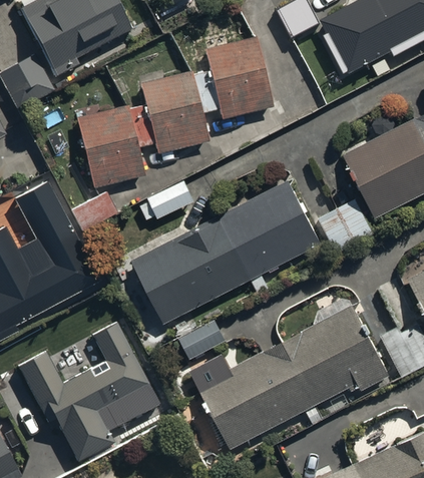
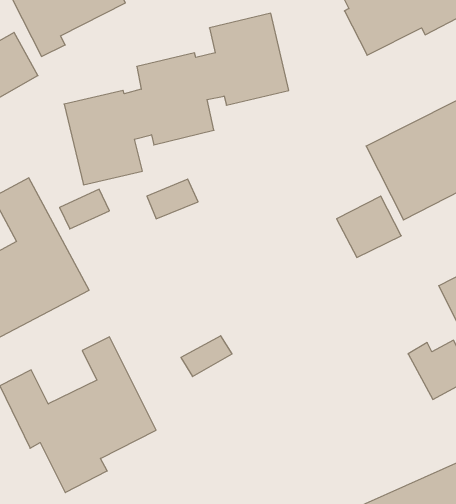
building: [131,181,319,324] -> none
building: [197,299,390,448] -> none

